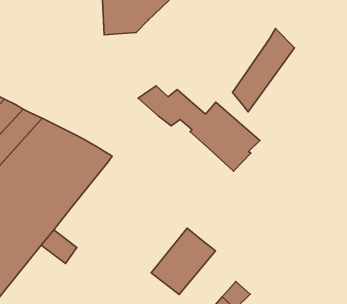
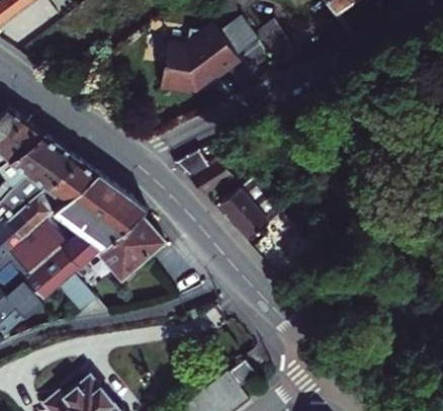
building: [233,29,294,112] -> none
building: [151,228,215,294] -> [94,219,162,283]

